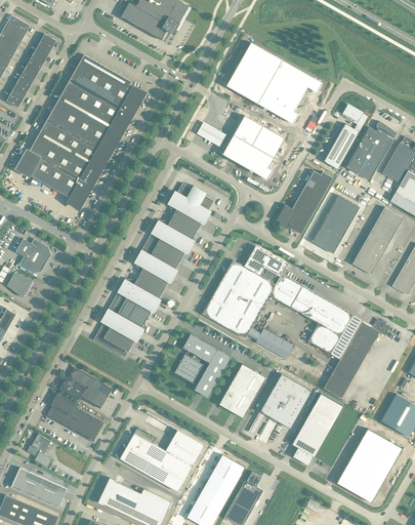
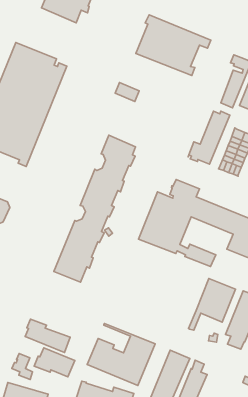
building: [223,115,284,179] -> none
building: [173,334,230,398] -> none
building: [217,363,264,417] -> none
building: [59,368,110,407] -> [34,348,75,377]

